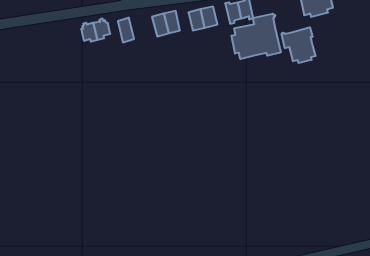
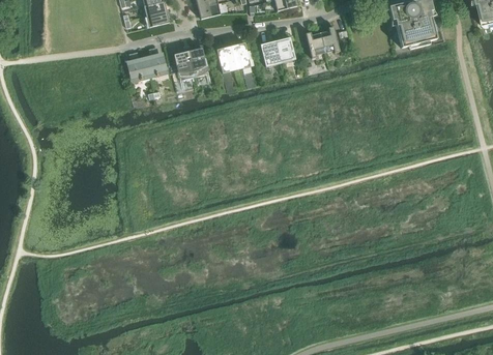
building: [231,14,281,59] -> none
building: none -> [187,47,208,76]
building: [281,27,316,63] -> none

